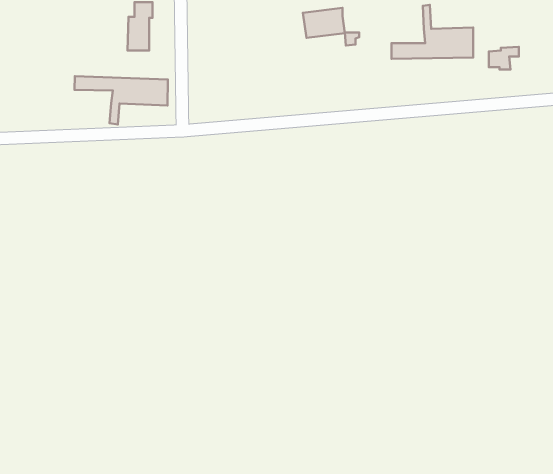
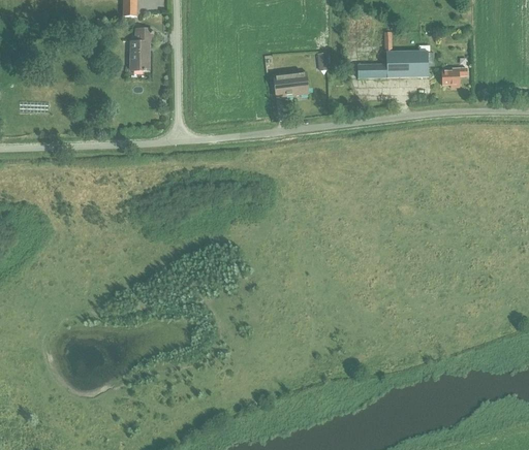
building: [303,8,345,38] -> [273,71,309,97]
building: [74,76,168,124] -> none

